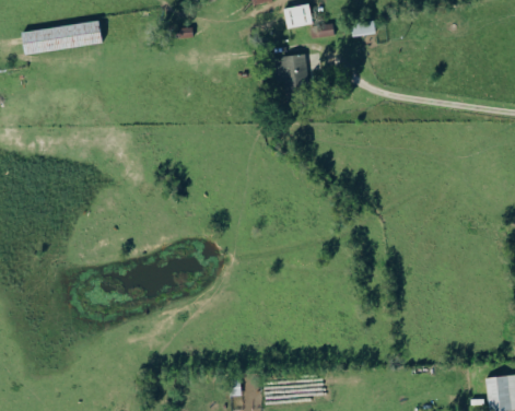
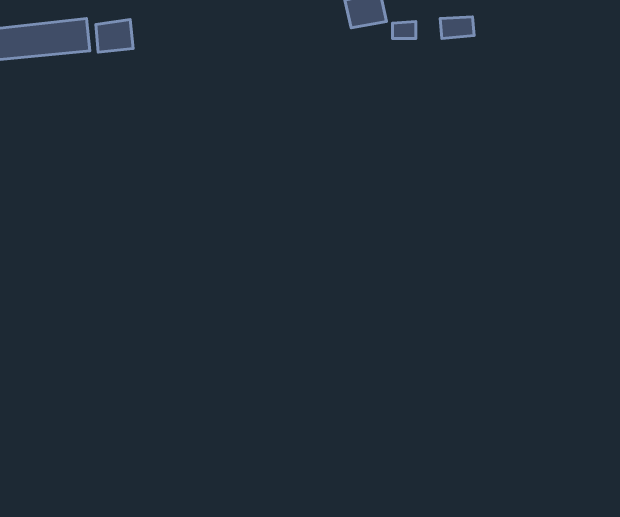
building: none -> [96,20,133,52]
building: [274,55,309,93] -> none

